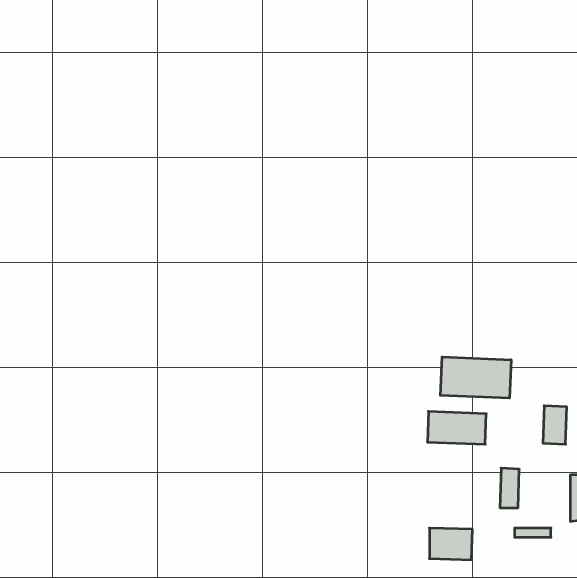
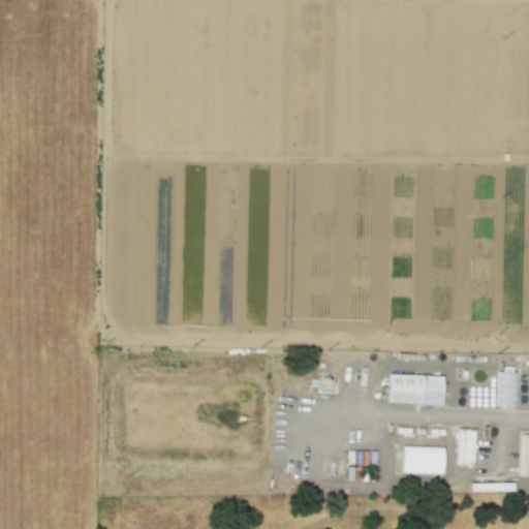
building: [440,357,511,398] -> none
building: [429,528,472,560] -> [407,446,446,475]

